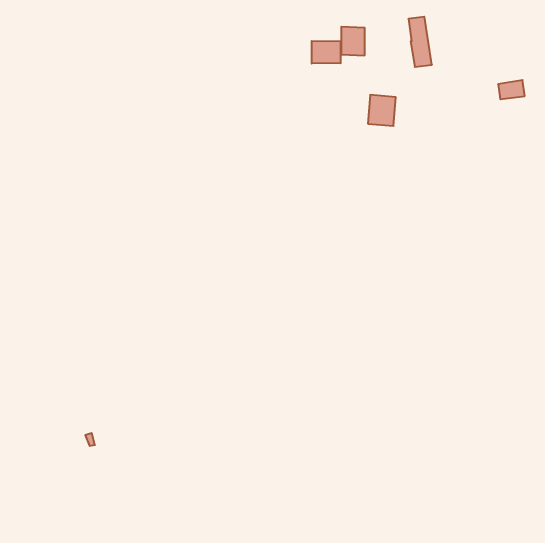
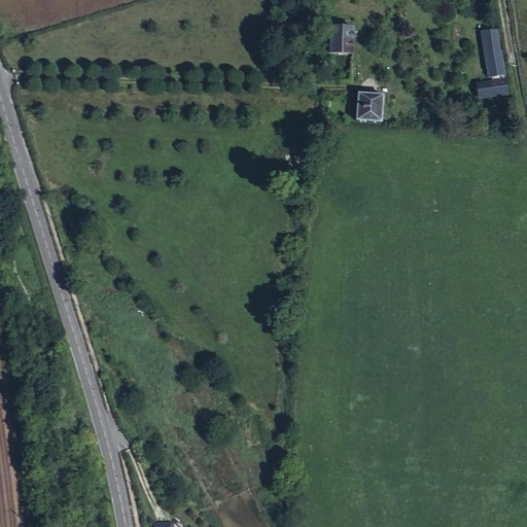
building: [408,17,432,67] -> [482,28,504,76]
building: [312,41,341,64] -> none

